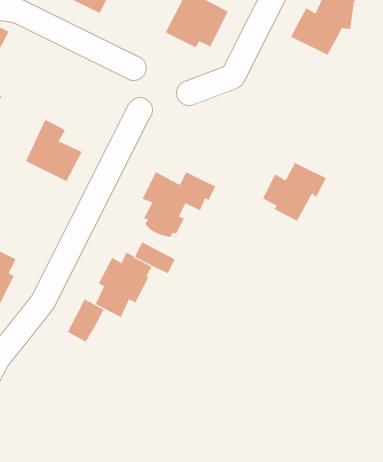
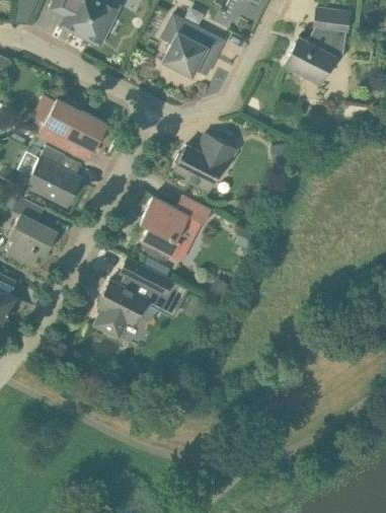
building: none -> [37,96,107,152]
building: [262,162,327,222] -> [174,134,237,192]
building: none -> [7,196,58,267]
building: [67,299,104,342] -> none

